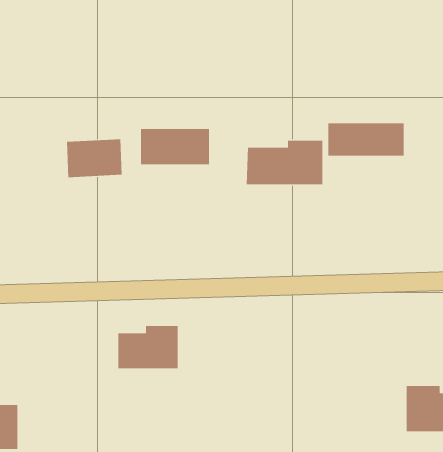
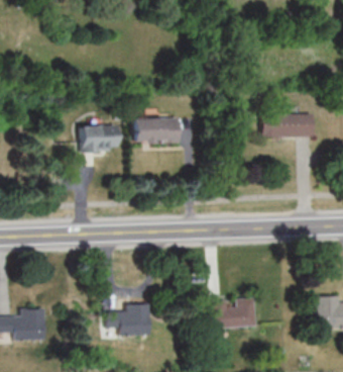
building: [246,140,323,185] -> none
building: [118,325,179,369] -> [108,305,150,336]
building: none -> [211,298,256,329]

